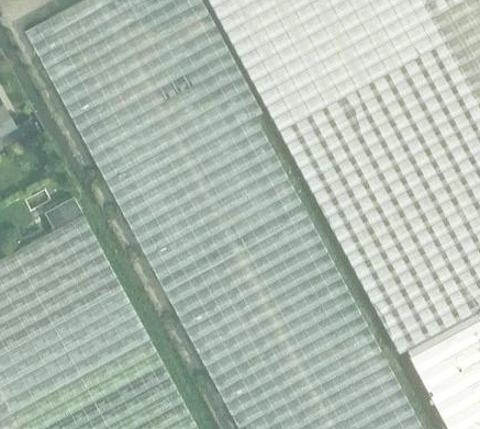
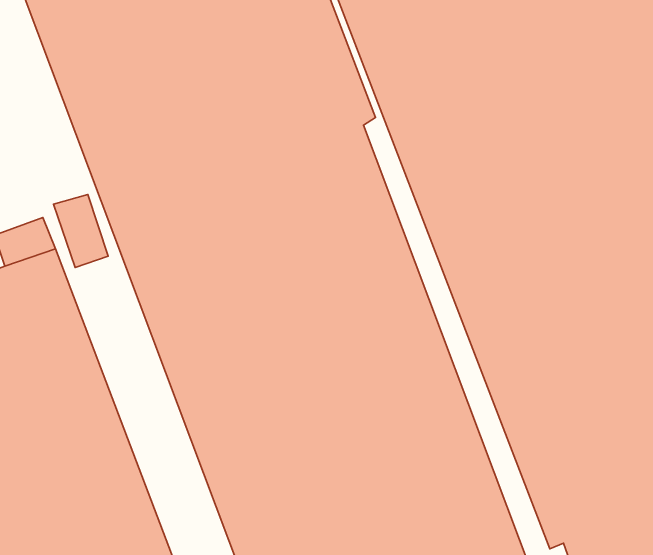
building: none -> [53,195,108,267]

